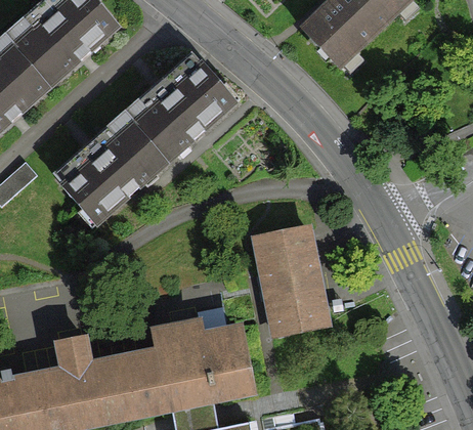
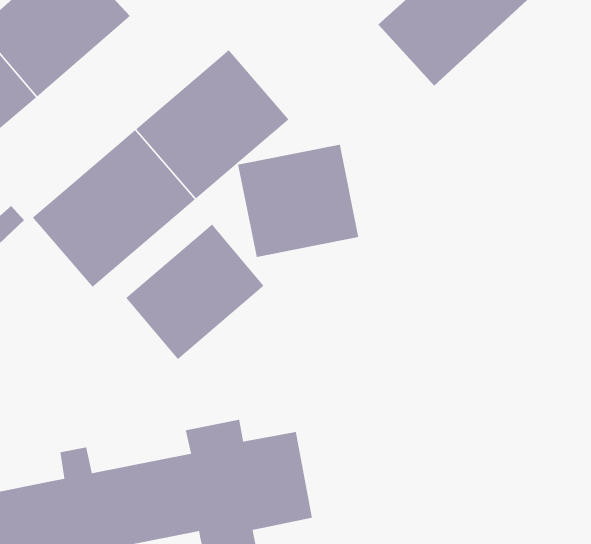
building: none -> [237,144,359,258]
building: none -> [125,224,265,360]
building: [258,228,329,336] -> none

